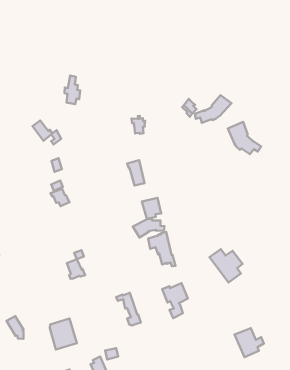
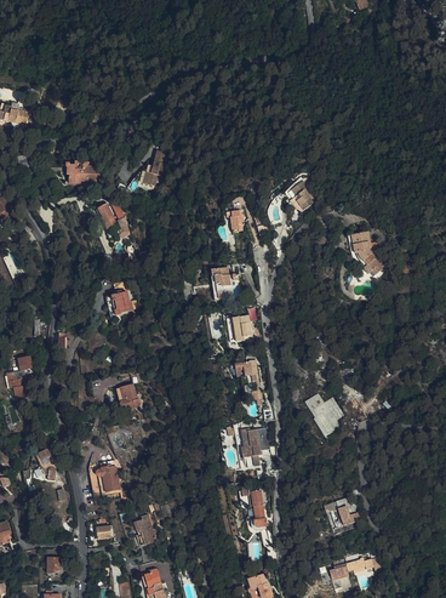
building: none -> [64,159,97,182]
building: [195,95,232,123] -> none
building: [133,219,164,238] -> none
building: [116,293,141,326] -> [240,488,268,530]

